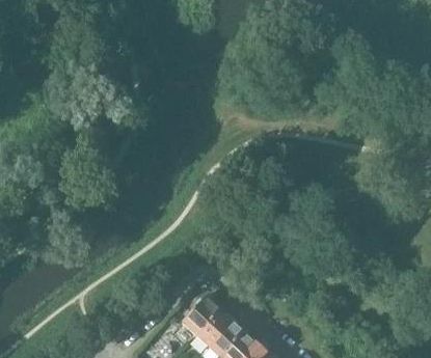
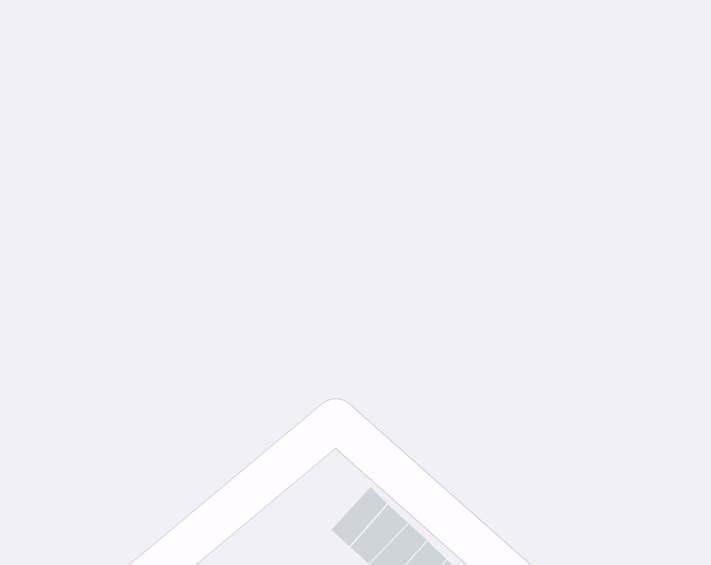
building: [184,294,225,335] -> none

